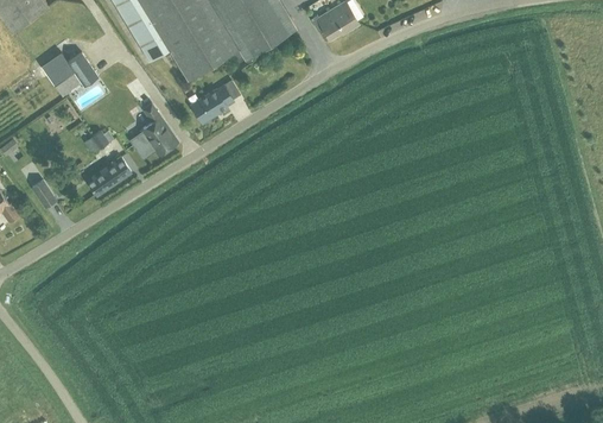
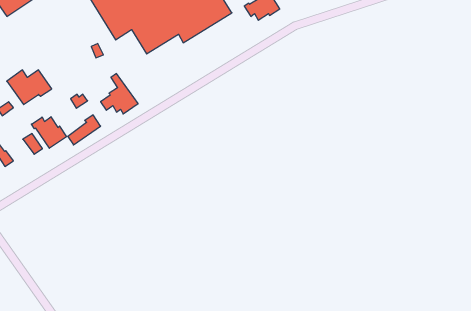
building: [40,52,97,96] -> [7,70,52,105]
building: [190,81,241,124] -> none
building: none -> [31,117,66,148]

